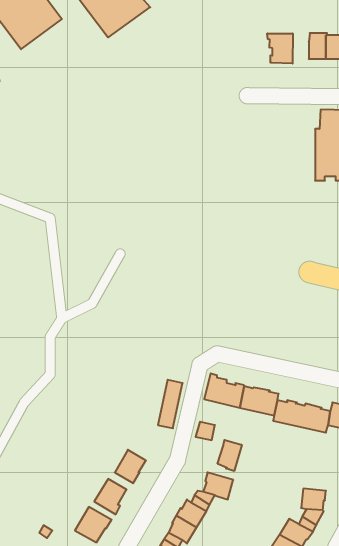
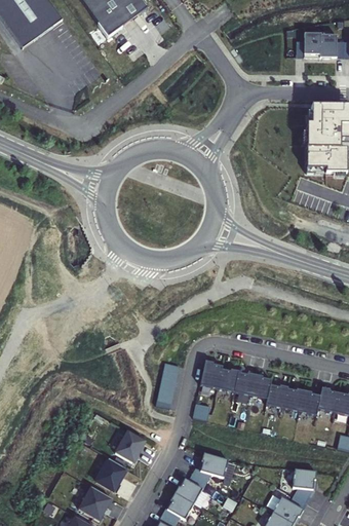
building: [267,33,293,64] -> none
building: [218,440,242,471] -> none

